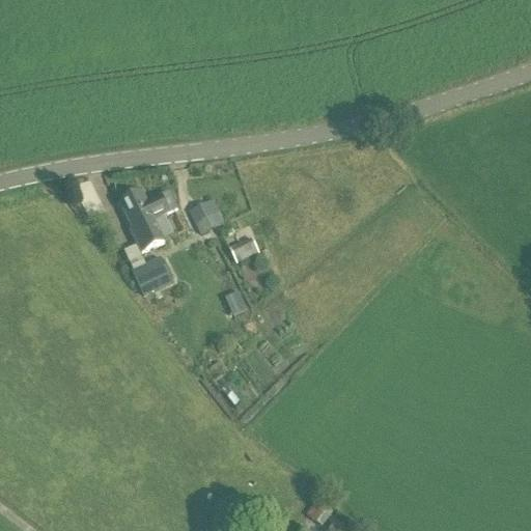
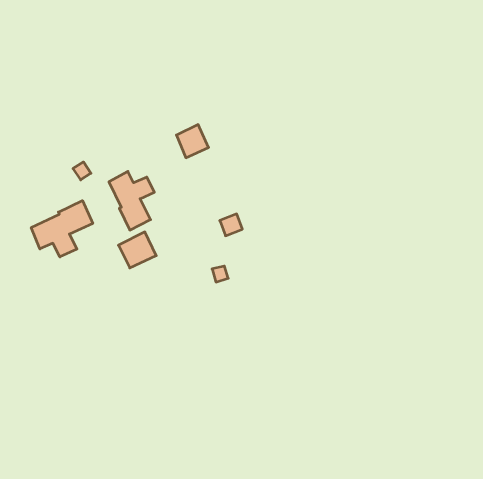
building: [189,196,224,232] -> [176,125,209,158]
building: none -> [31,201,93,257]

